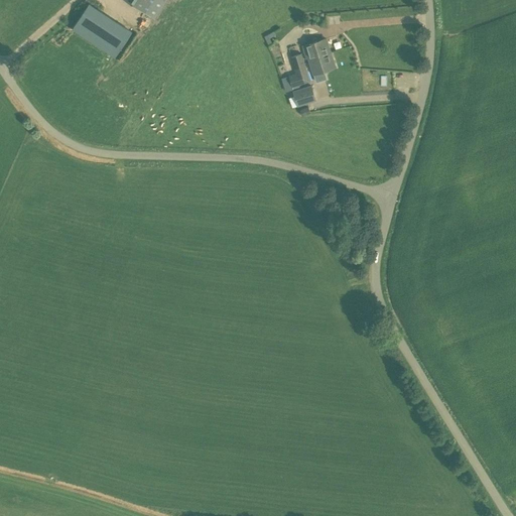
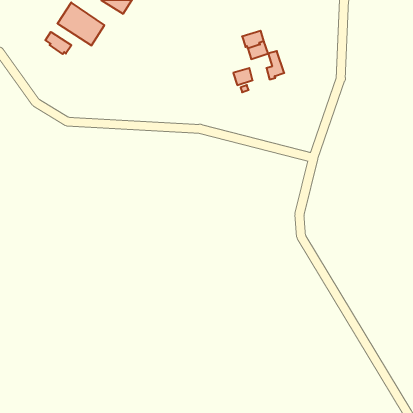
building: none -> [45,32,71,54]
building: [287,54,309,90] -> [266,51,284,79]

